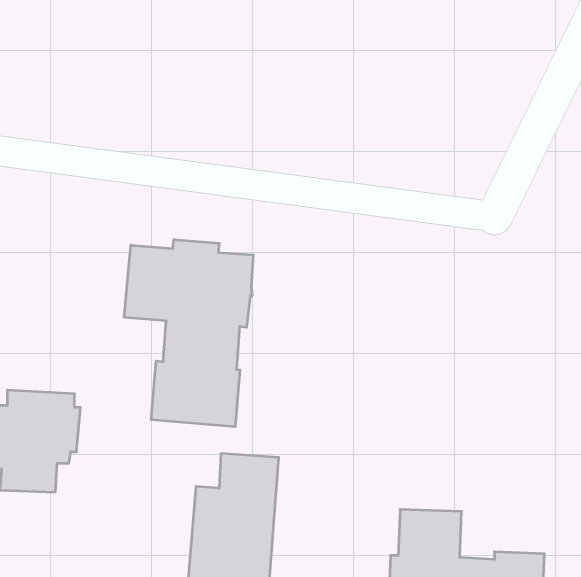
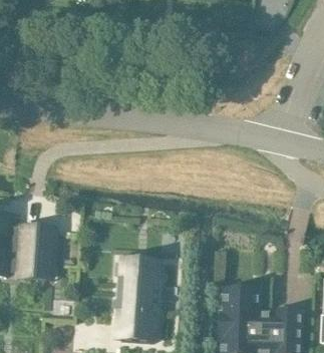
building: [124,239,253,427] -> none

